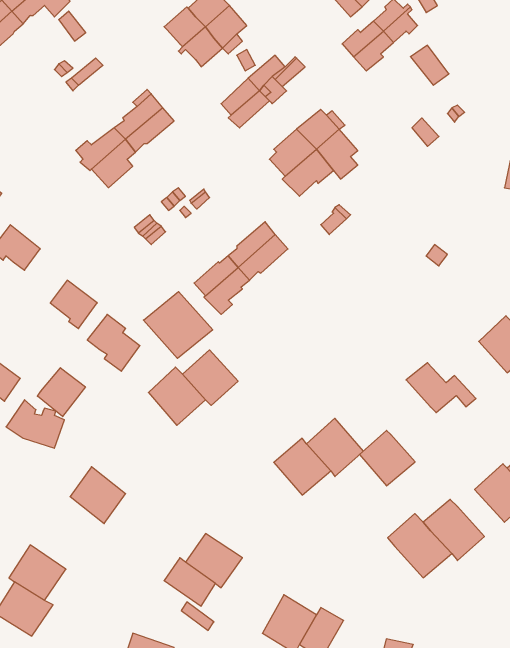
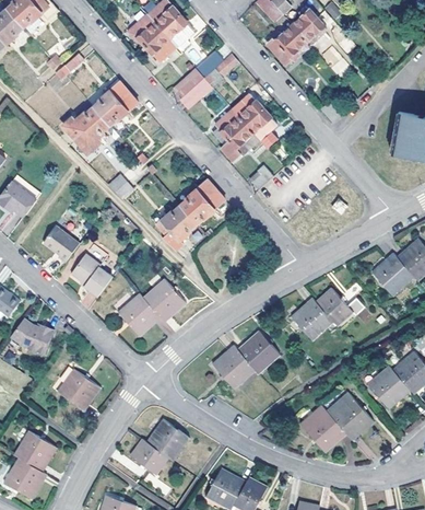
building: [143,292,213,358] -> none
building: [37,368,85,417] -> none
building: [359,430,415,486] -> [292,298,334,340]

